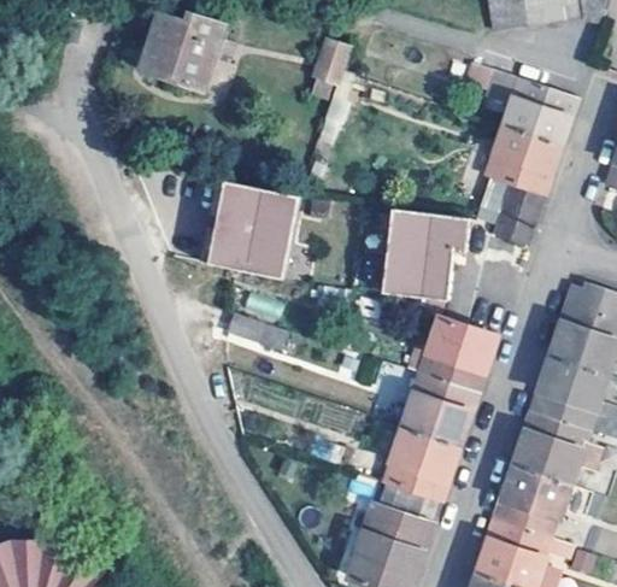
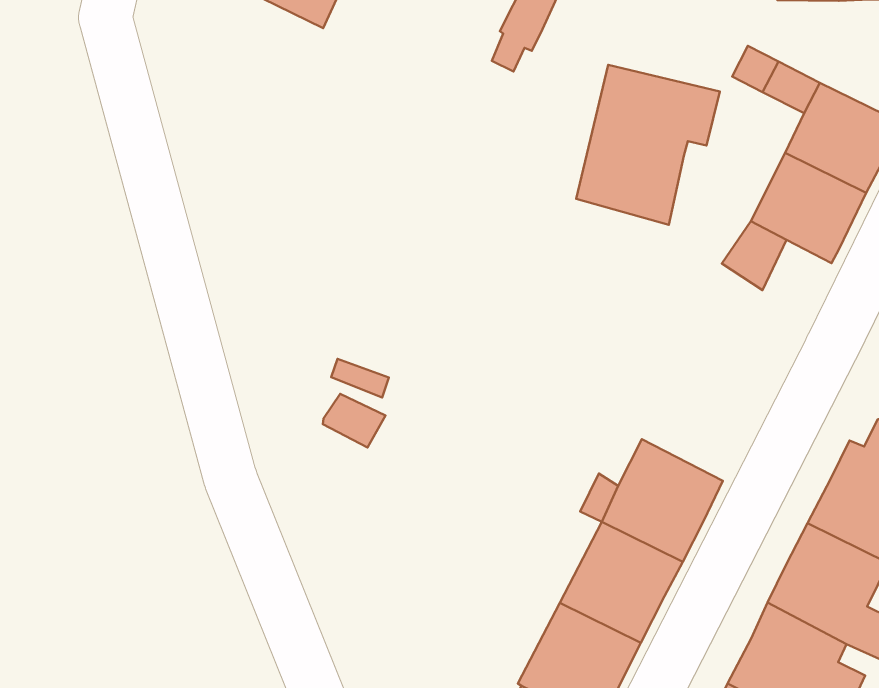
building: [495,181,543,246] -> none
building: [201,182,292,278] -> none
building: [382,205,463,300] -> [576,65,720,225]

